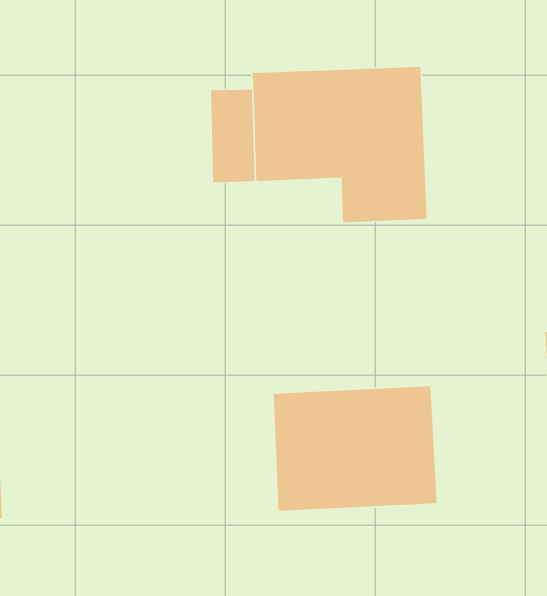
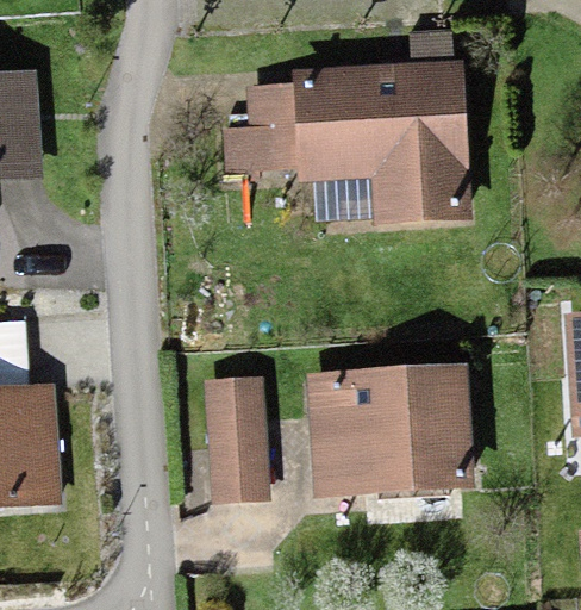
building: none -> [211,376,267,491]

